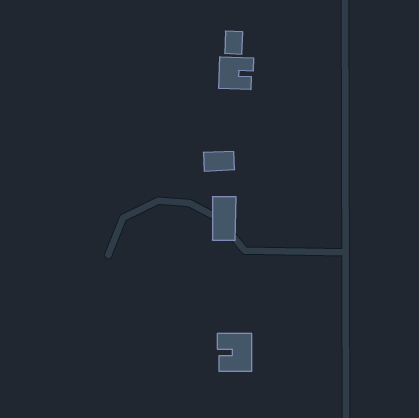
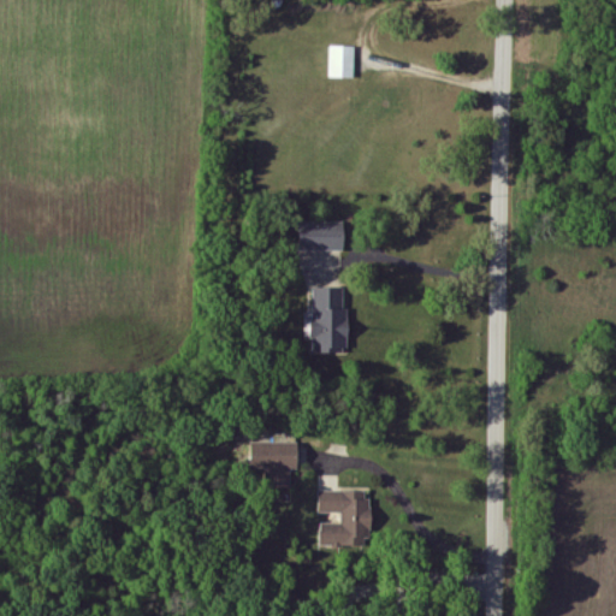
building: [219,57,254,90] -> none
building: none -> [250,440,297,487]

